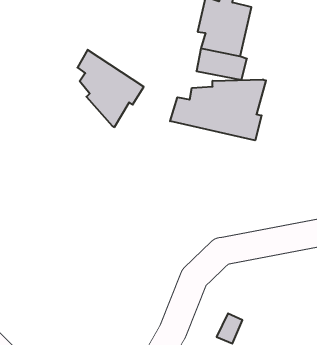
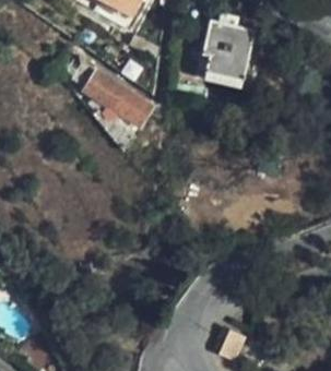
building: [170,79,266,140] -> none

